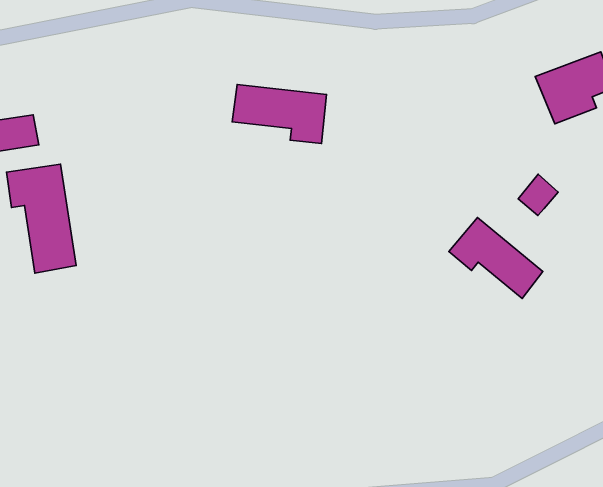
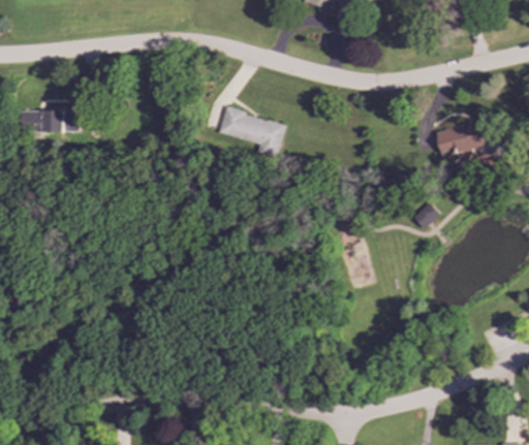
building: [6,164,76,273] -> none
building: [449,217,543,298] -> none

